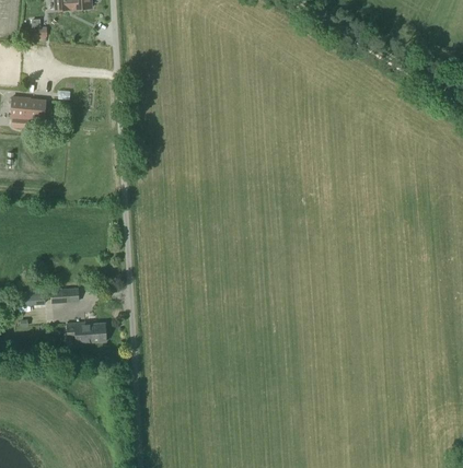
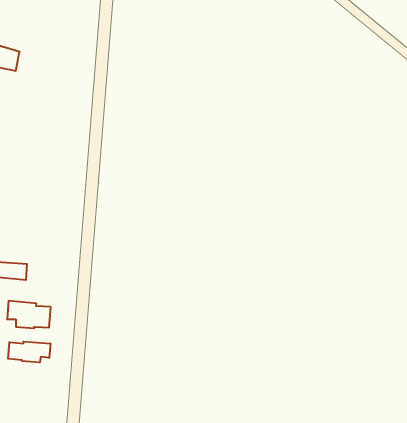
building: none -> [8,342,50,363]

